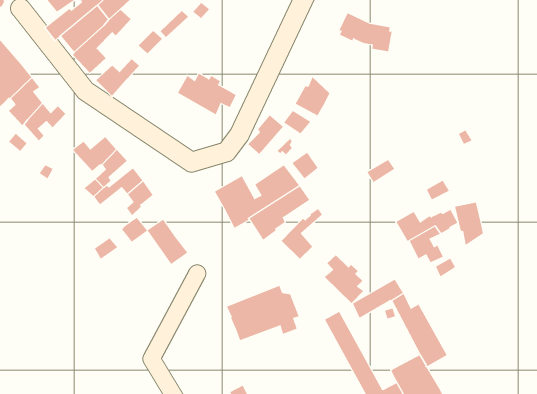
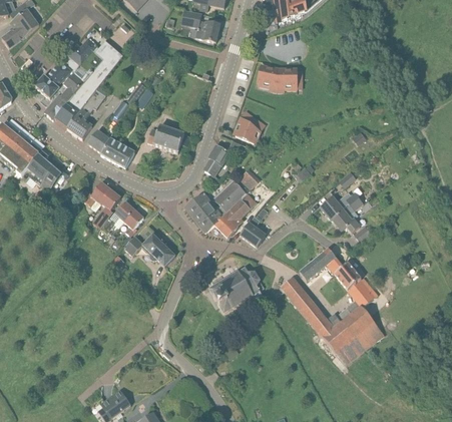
building: none -> [101,137,135,167]
building: [454,202,483,246] -> none
building: [324,255,364,304] -> none

